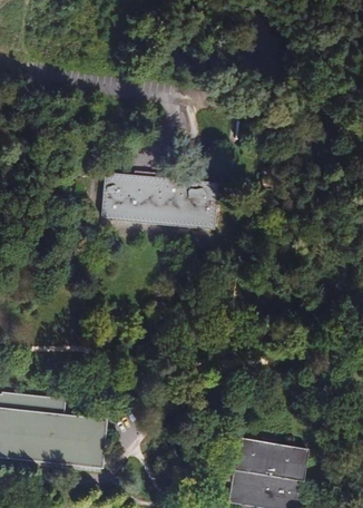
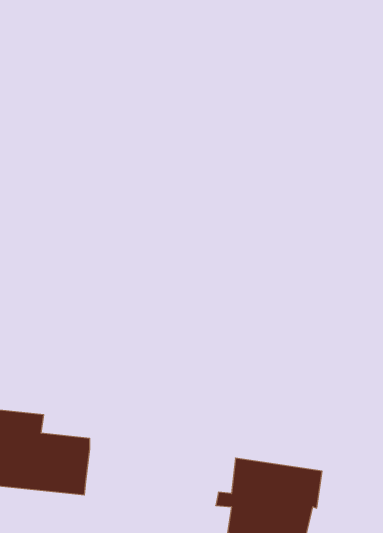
building: [102,174,219,232] -> none

